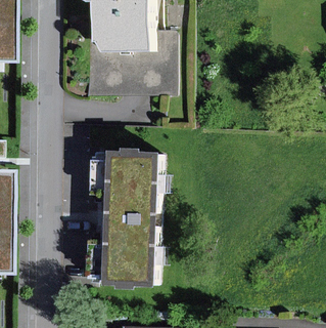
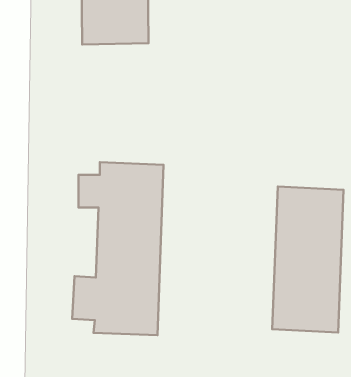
building: none -> [272,187,344,332]

